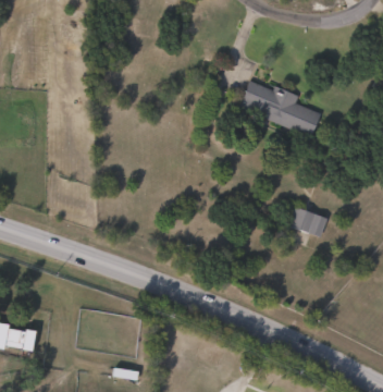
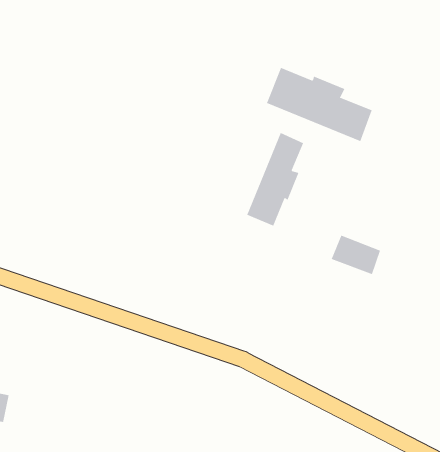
building: none -> [247,132,304,227]

